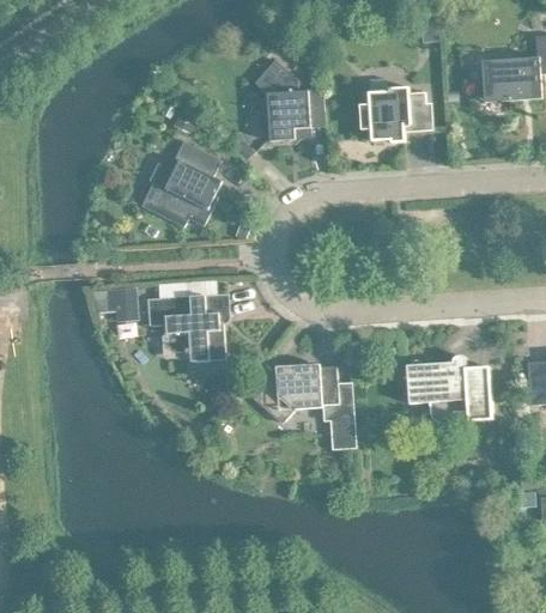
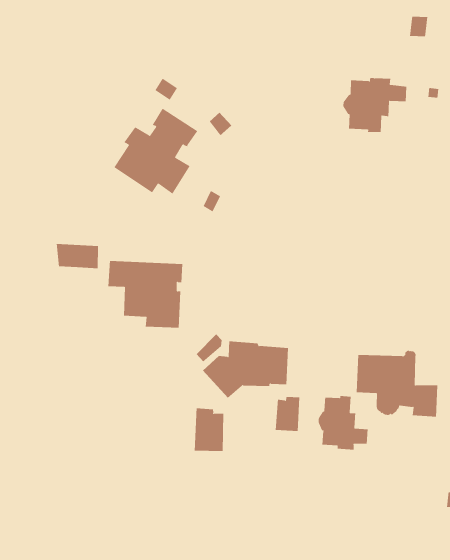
building: [255,59,324,140] -> none
building: none -> [318,395,368,450]
building: none -> [194,408,224,452]

